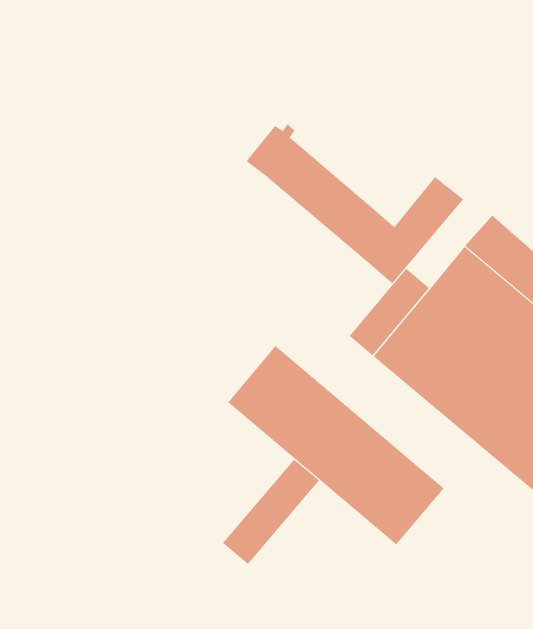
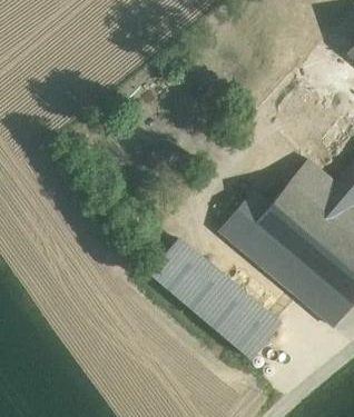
building: [246,124,464,284] -> none
building: [222,459,320,565] -> none

